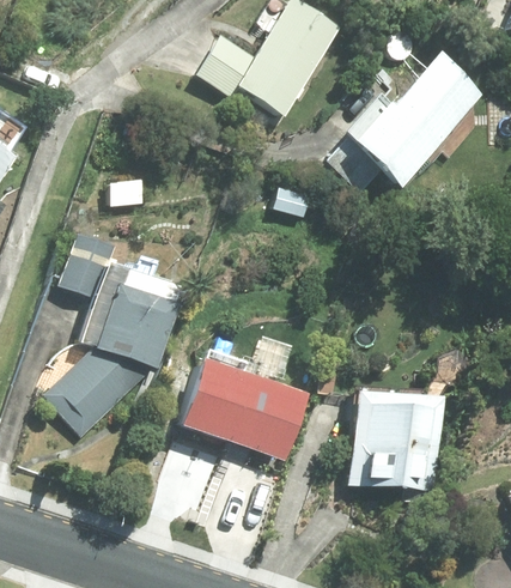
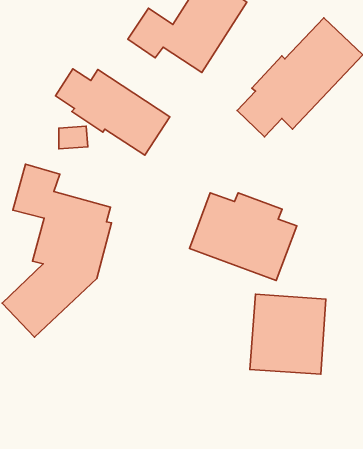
building: none -> [56,69,170,155]
building: [178,353,310,461] -> [190,193,297,281]

